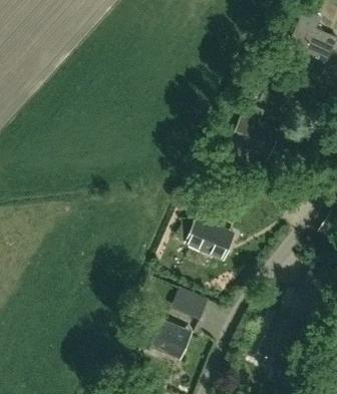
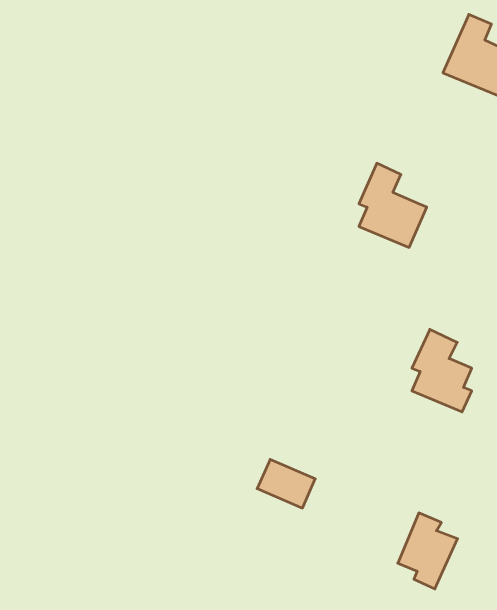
building: [191,209,228,260] -> [412,329,472,412]
building: [147,317,185,358] -> none

